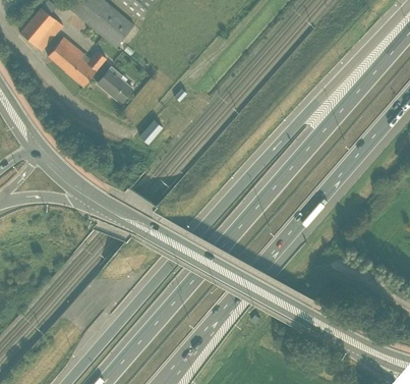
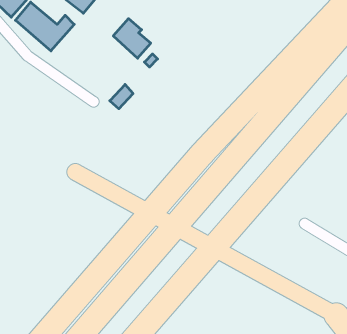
building: [97,64,134,104] -> [113,19,151,58]

